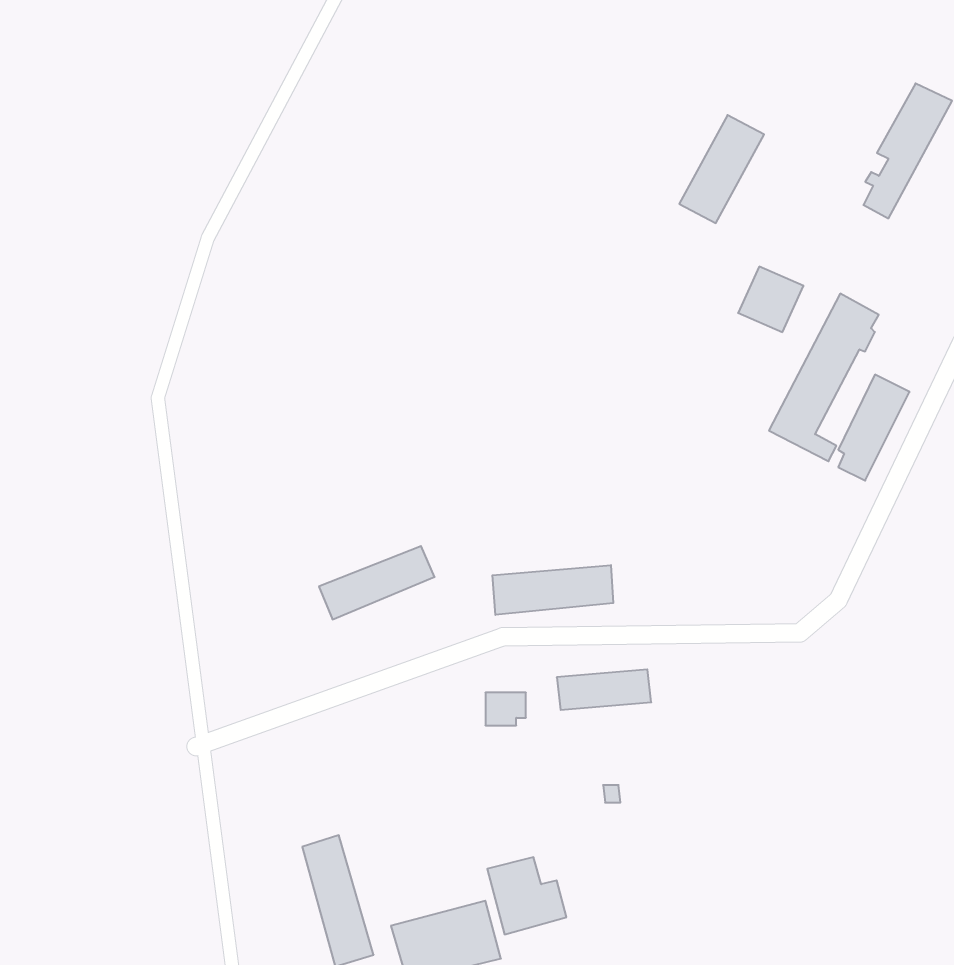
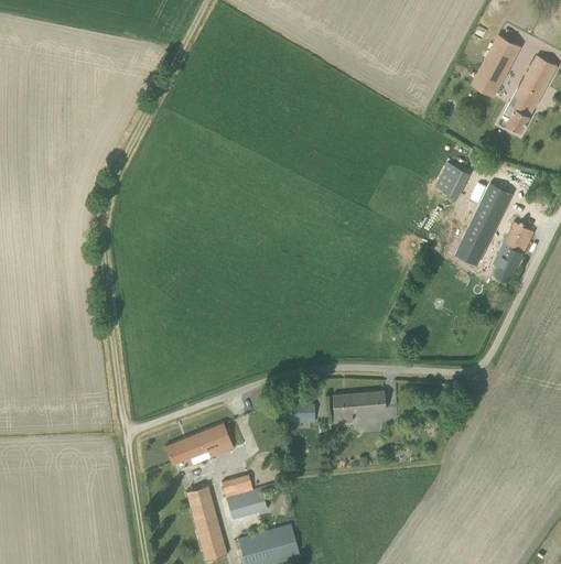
building: [679,115,764,223] -> [472,35,520,97]
building: [319,546,435,619] -> [164,423,230,465]
building: [492,565,613,615] -> none
building: [487,857,566,934] -> [222,475,267,519]

